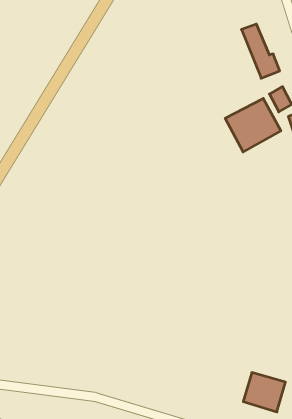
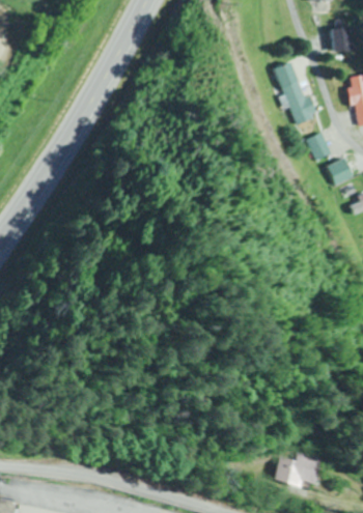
building: [225,98,281,152] -> none

